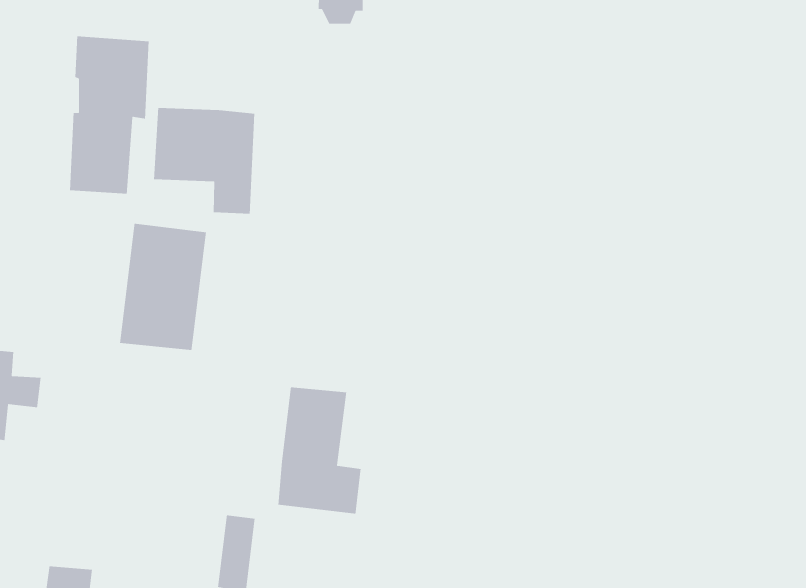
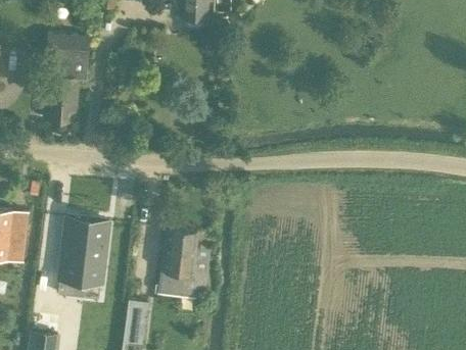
building: [153,107,255,214] -> none
building: [119,223,207,351] -> [62,216,111,288]

